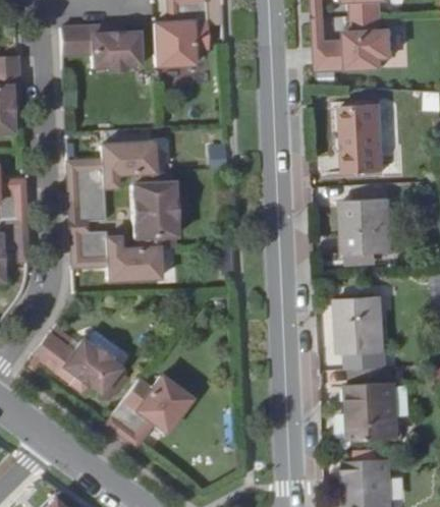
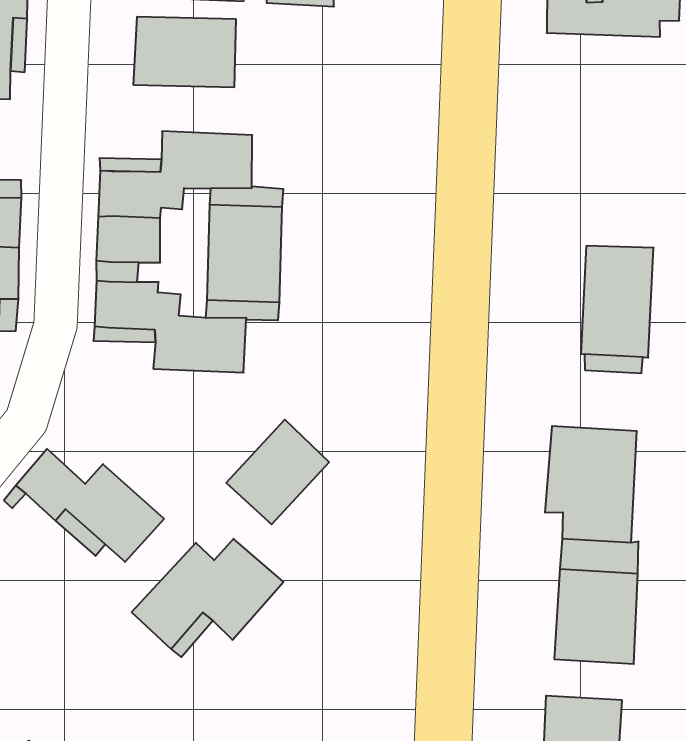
building: none -> [134,17,236,87]
building: [345,95,386,161] -> none
building: none -> [226,420,329,524]

